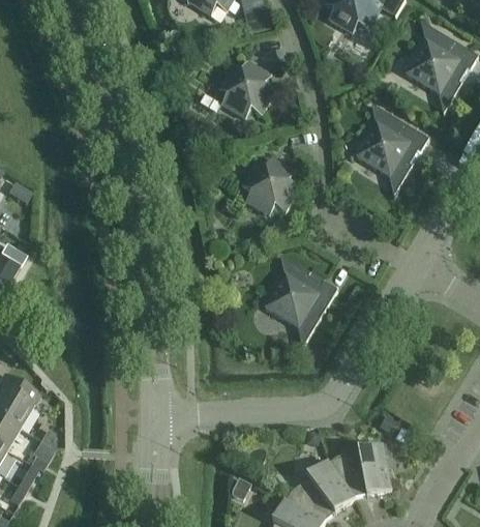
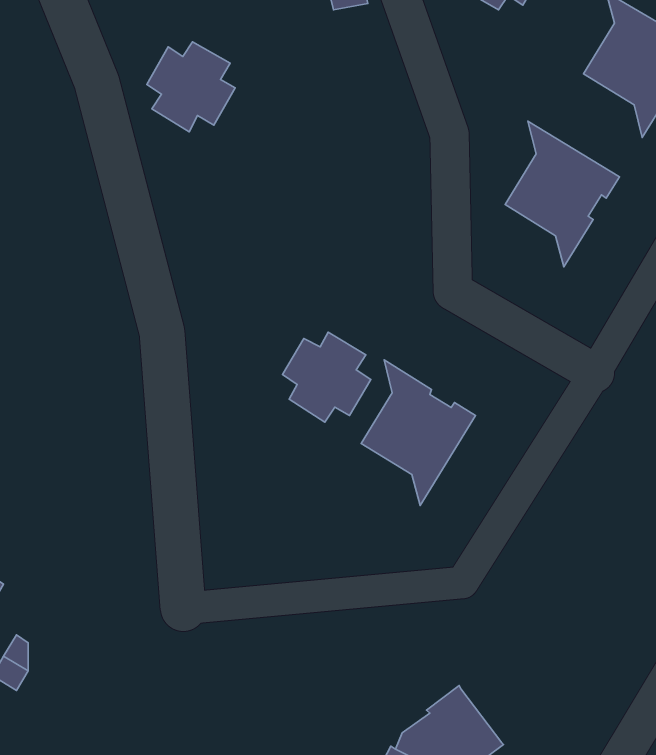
building: [218,61,274,118] -> [147,42,235,132]
building: [242,157,298,214] -> [283,332,371,422]
building: [328,444,391,496] -> none

